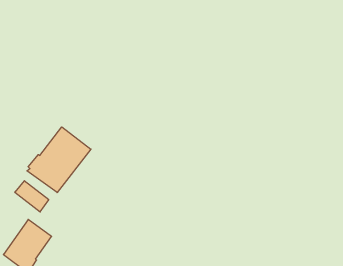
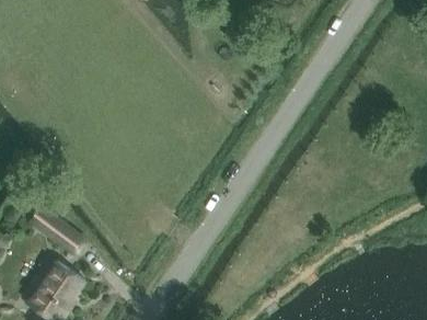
building: [27,127,91,193] -> none

